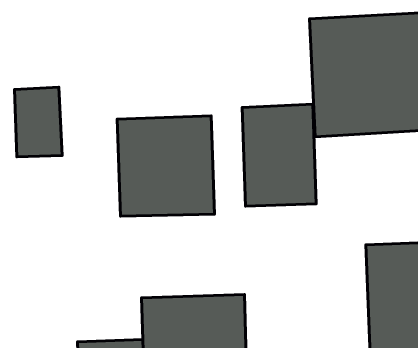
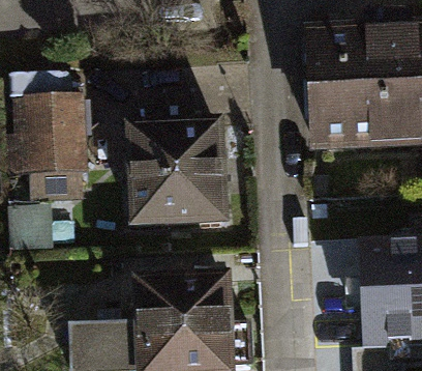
building: [242,104,316,206] -> none

